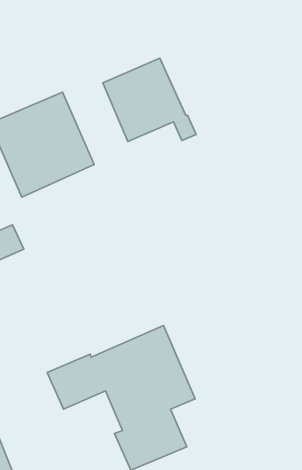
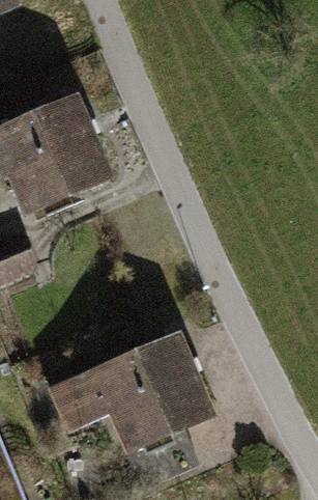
building: [103,58,196,142] -> none

